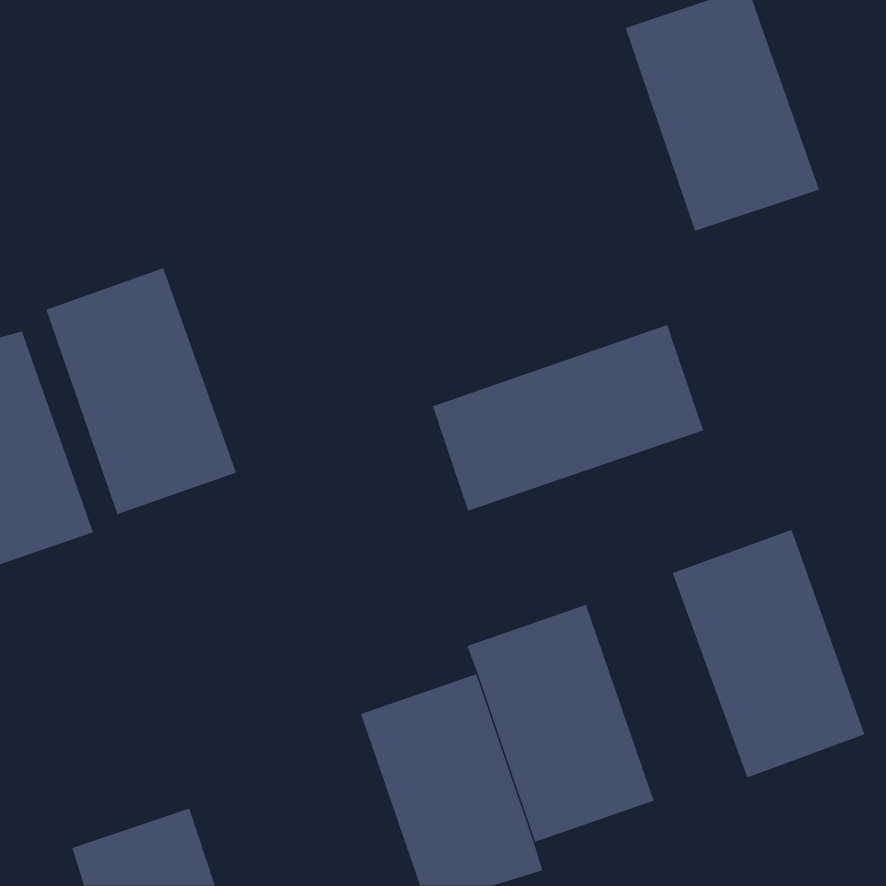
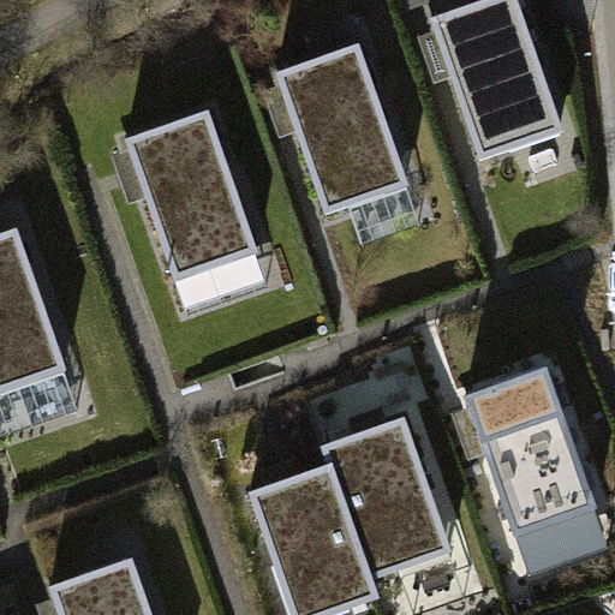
building: none -> [277,49,410,219]
building: [45,268,237,515] -> [125,111,257,281]
building: [432,324,704,512] -> none

